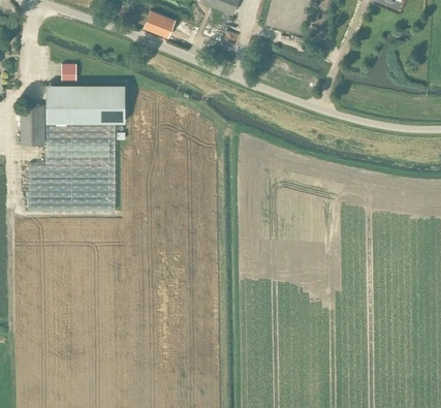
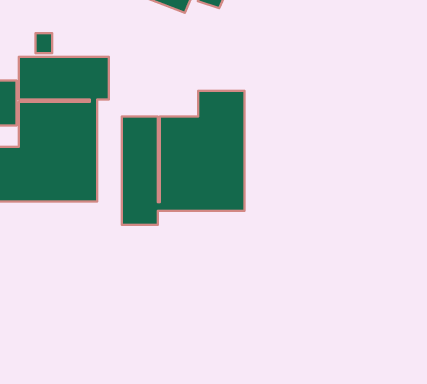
building: none -> [122,91,245,225]

